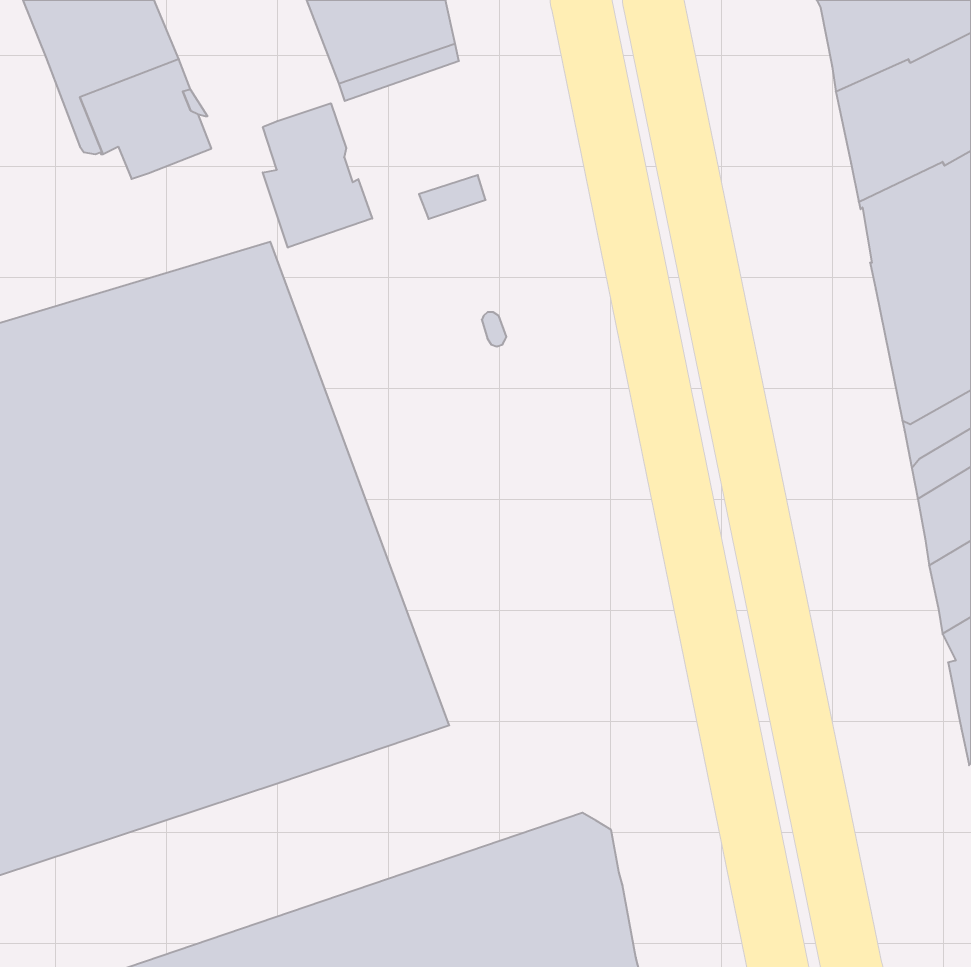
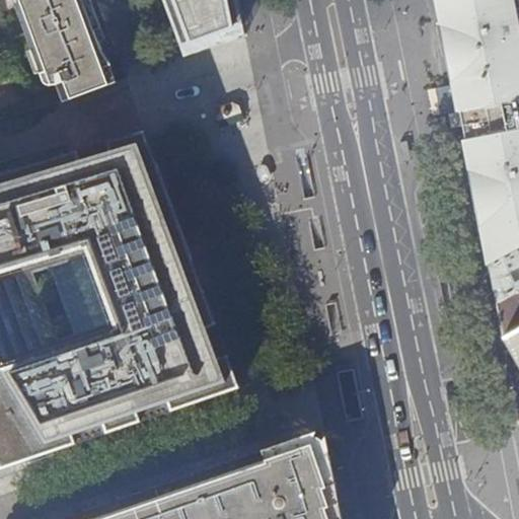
building: [263,103,372,248] -> none

